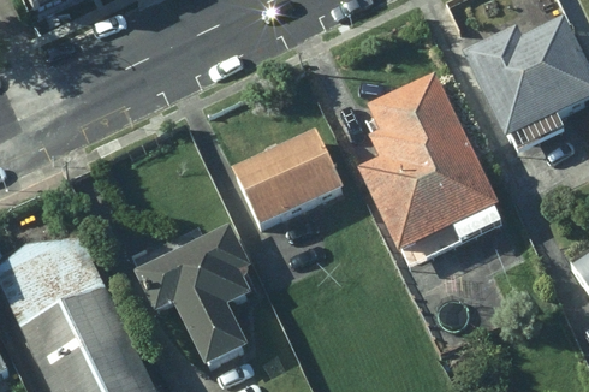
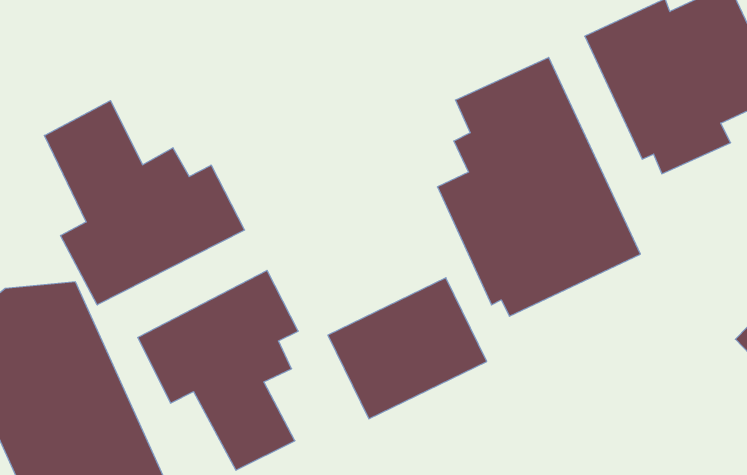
building: none -> [44,101,245,305]
building: [227,126,344,230] -> [328,278,487,419]

